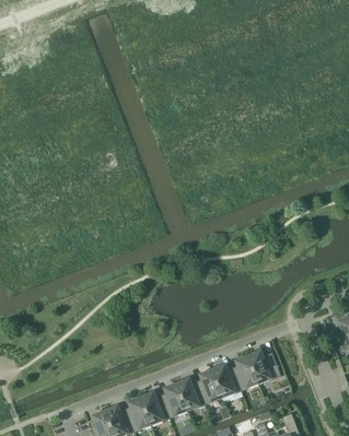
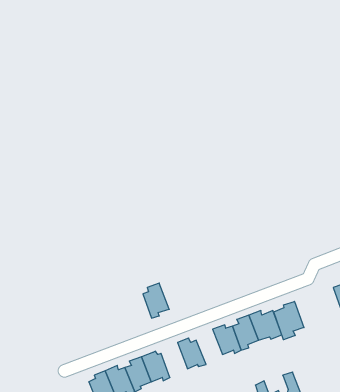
building: none -> [274,301,304,340]
building: [196,369,222,404] -> none
building: [161,382,187,417] -> [143,283,169,318]

